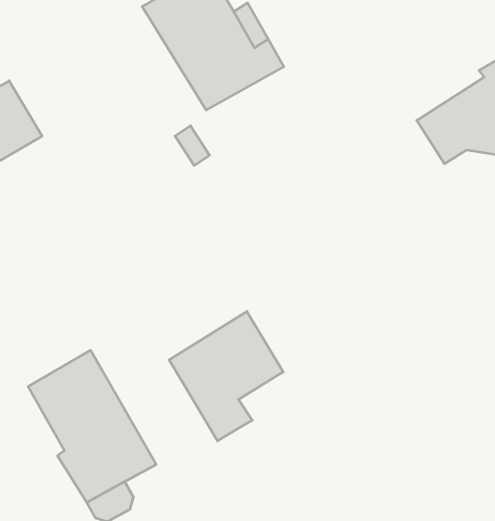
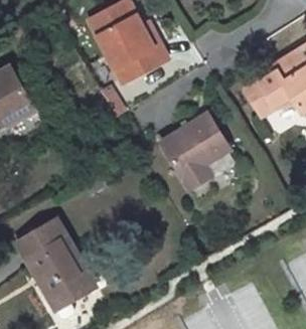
building: [169,311,283,441] -> [164,113,231,188]

